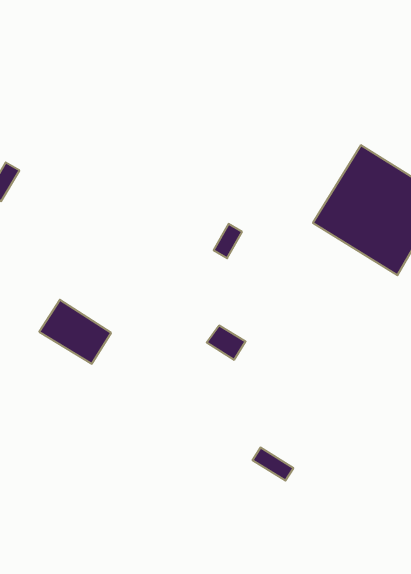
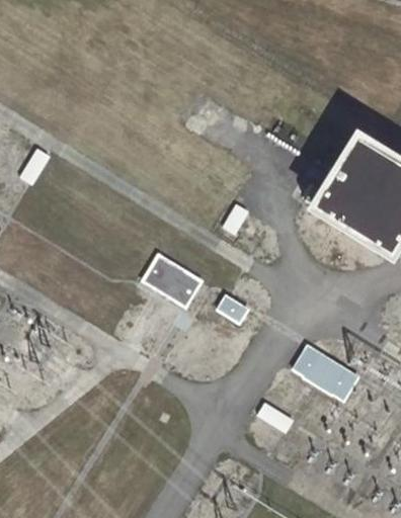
building: [39,300,111,364] -> [142,252,206,309]
building: none -> [292,344,358,400]

